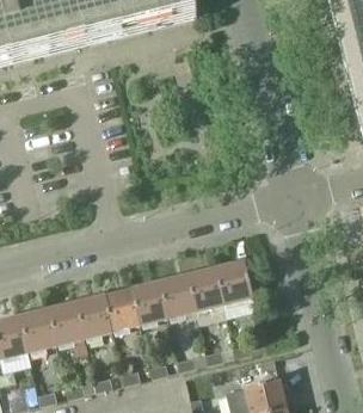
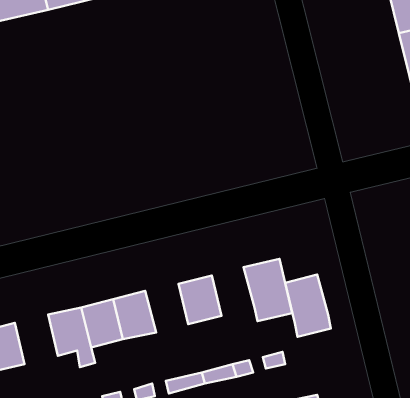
building: [189,269,228,322] -> [285,275,331,337]
building: [131,283,168,325] -> none
building: [19,309,56,352] -> none

